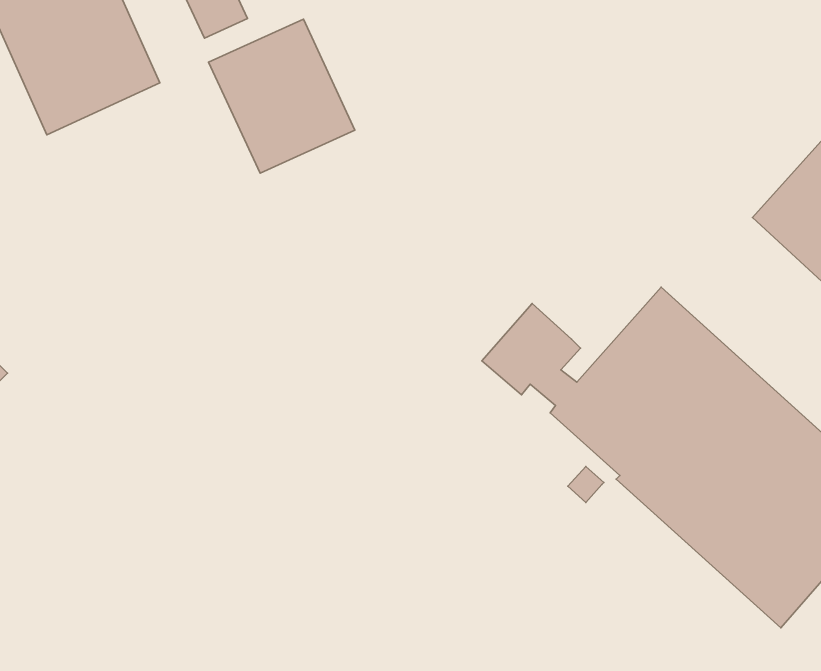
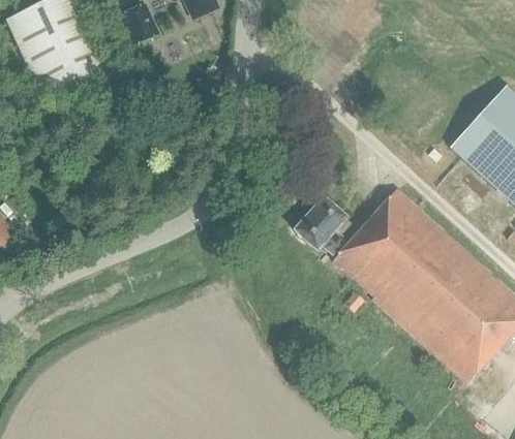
building: [209,19,355,173] -> none

